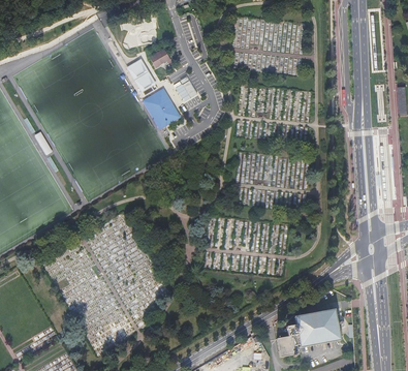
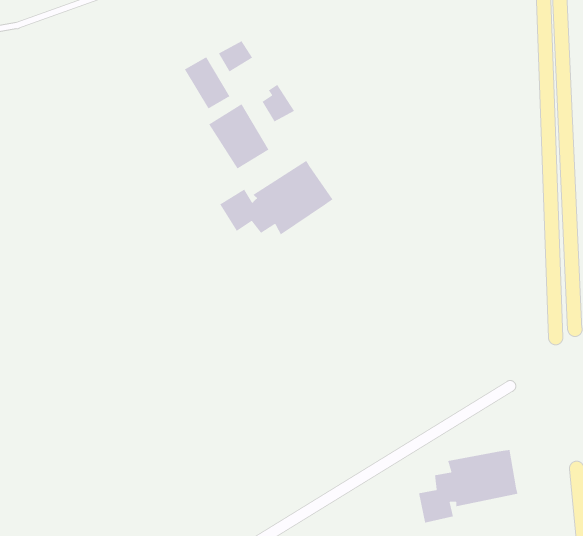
building: none -> [219,160,334,236]

